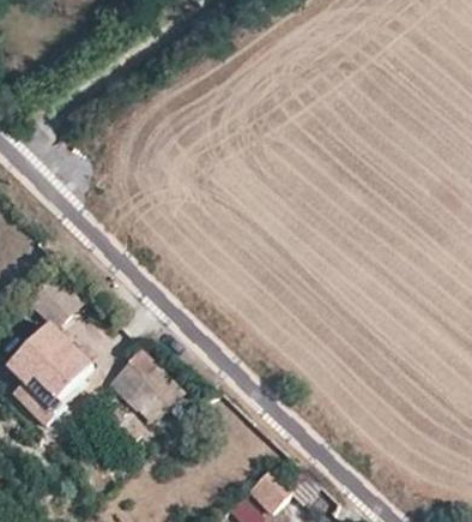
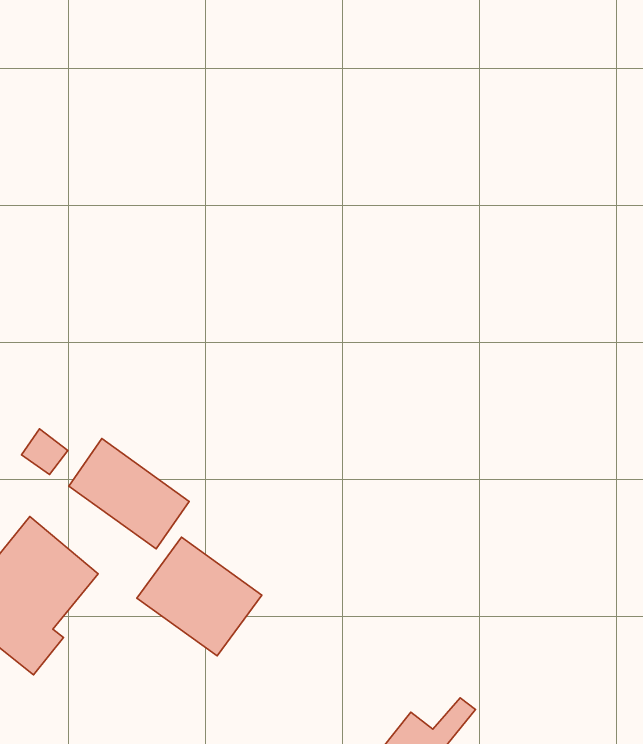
building: none -> [69,439,189,549]

